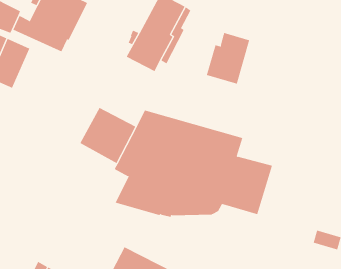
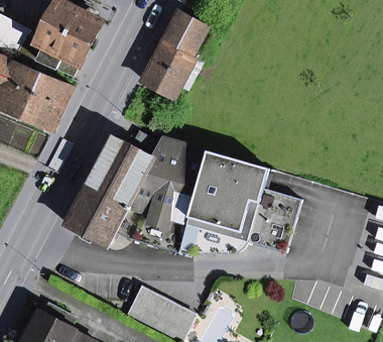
building: [206,32,250,84] -> none
building: none -> [18,71,73,129]
building: none -> [66,174,143,244]

